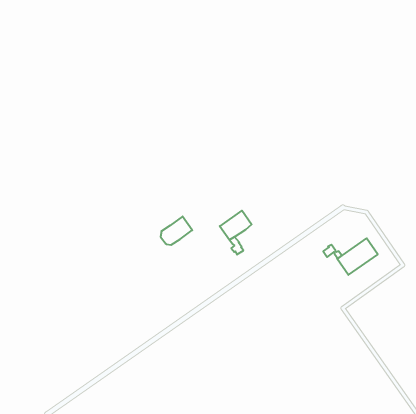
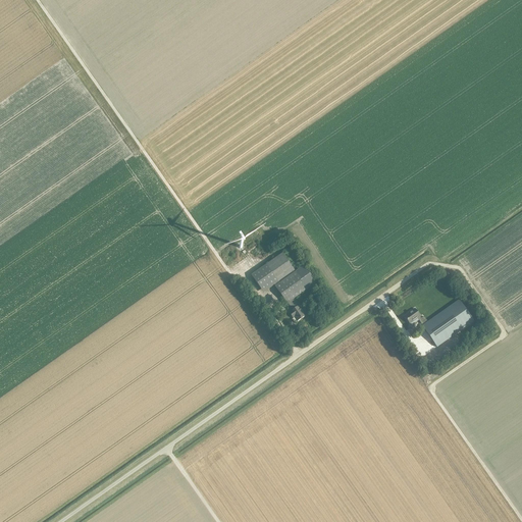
building: [161,216,192,245] -> [254,252,294,288]

